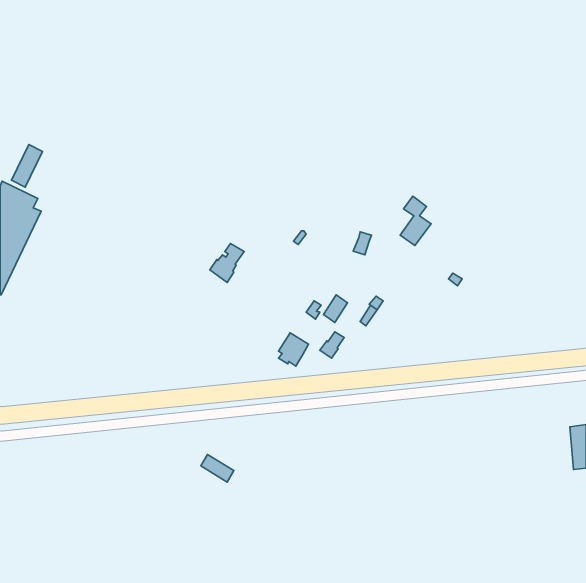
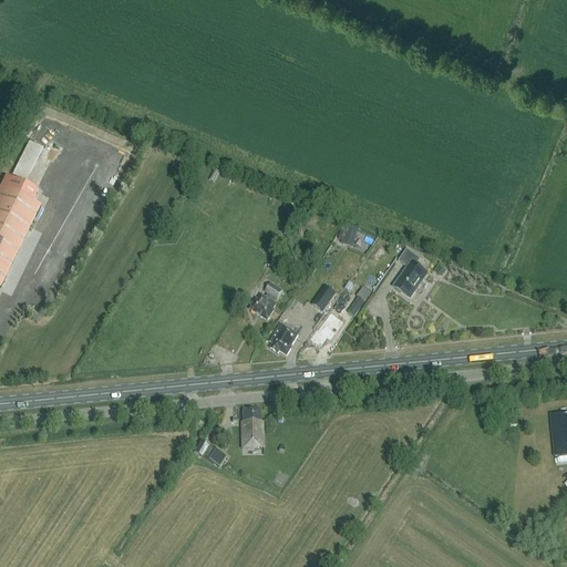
building: [400,196,431,246] -> [395,247,425,295]
building: [210,243,244,282] -> [250,281,284,319]
building: none -> [241,408,264,446]

